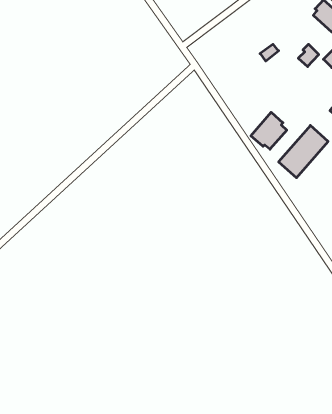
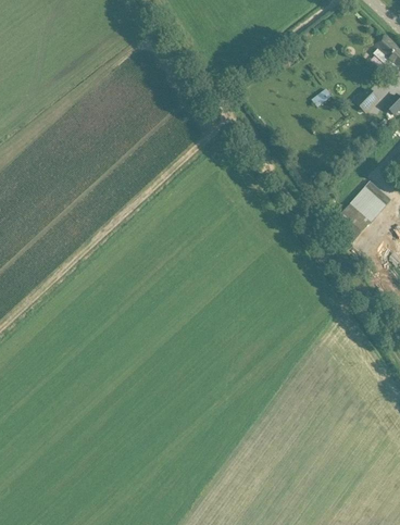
building: [251,112,287,149] -> none

